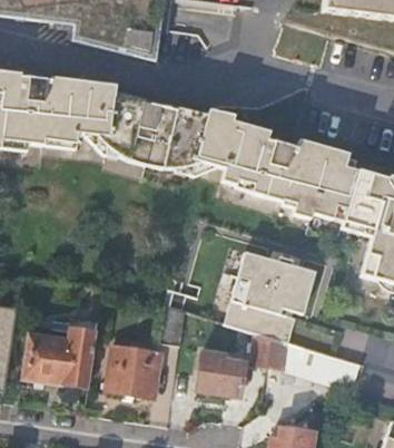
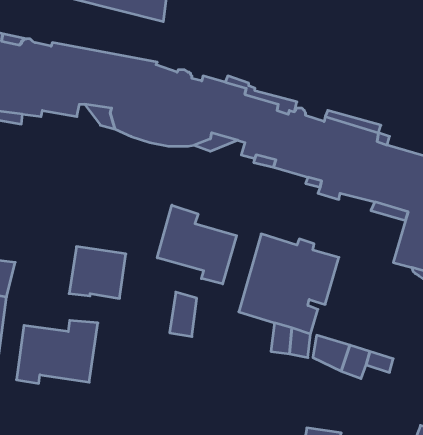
building: none -> [157,205,237,284]
building: [108,345,159,392] -> [69,247,126,298]
building: [197,350,247,396] -> none

